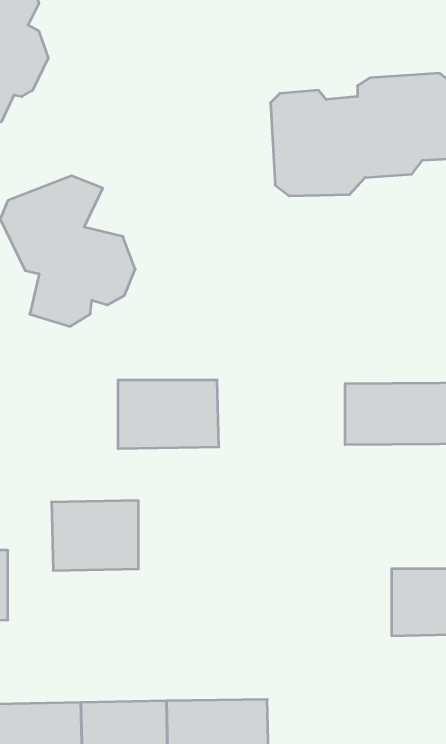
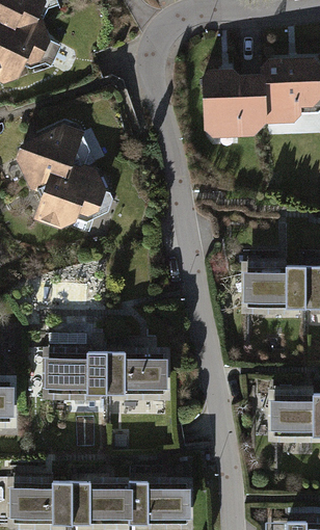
building: [118,380,219,449] -> [109,345,177,391]

